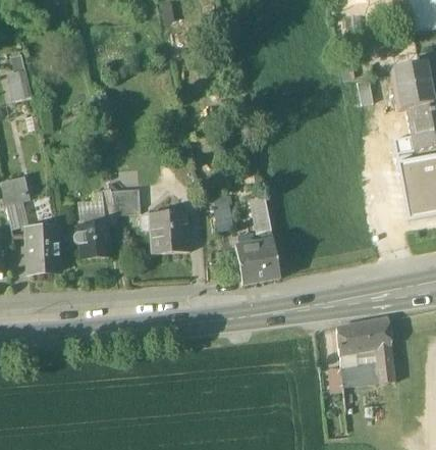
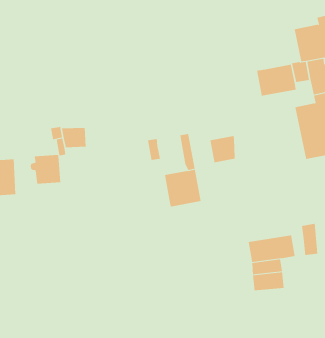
building: none -> [256,64,296,97]
building: none -> [210,135,235,163]
building: [153,208,186,251] -> none
building: [376,343,396,382] -> [301,223,318,255]

